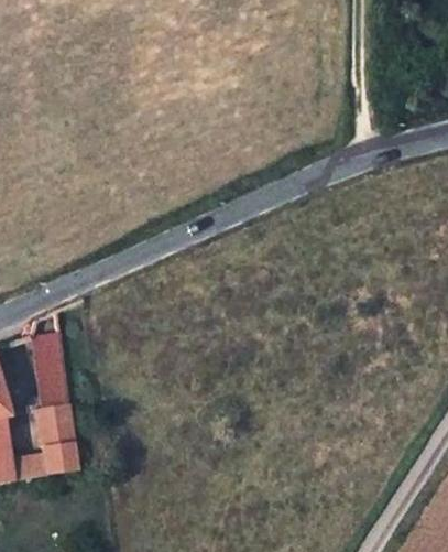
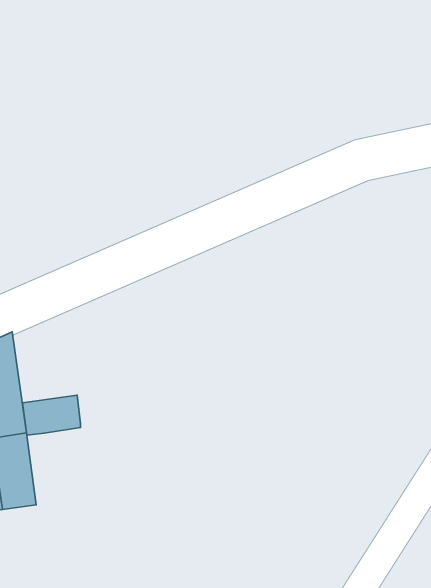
building: none -> [23,395,81,435]

